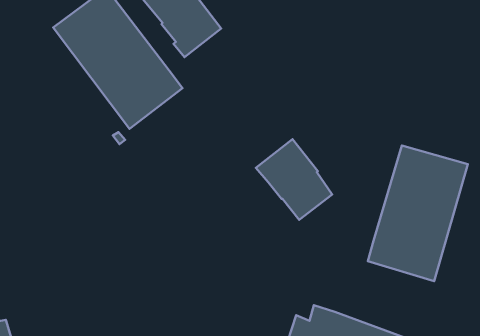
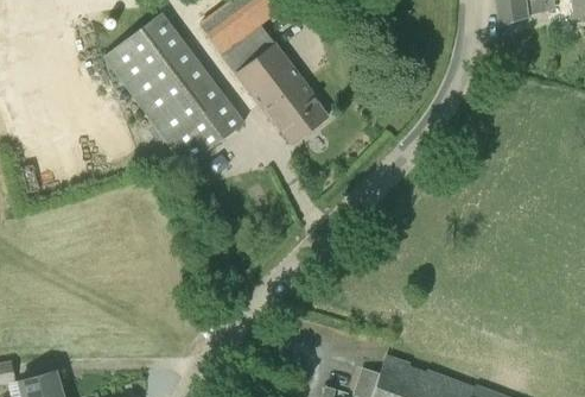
building: [256,139,332,220] -> [246,57,328,144]
building: [368,145,468,281] -> none

